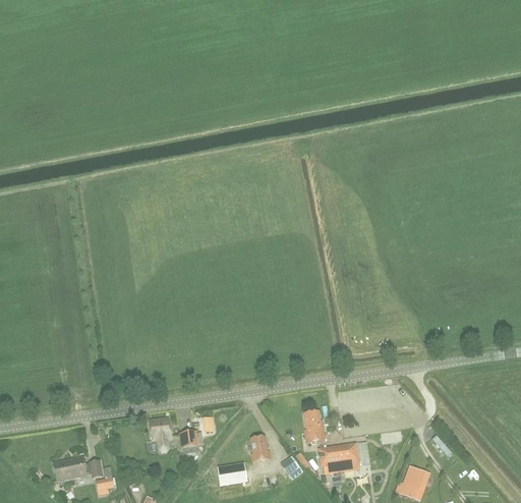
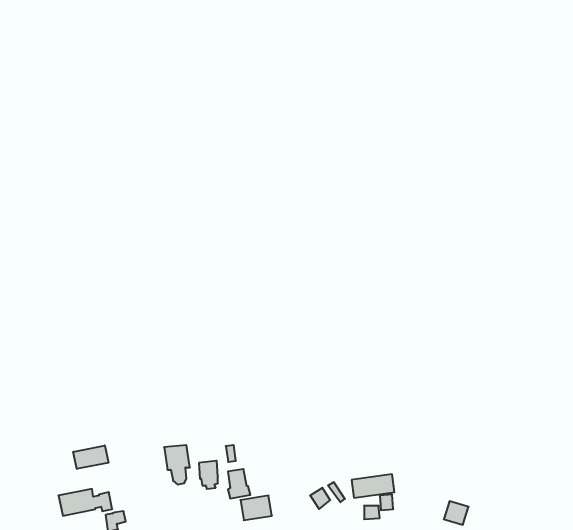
building: [303,409,325,442] -> none
building: none -> [73,445,108,469]
building: [250,435,271,461] -> [228,469,250,498]

